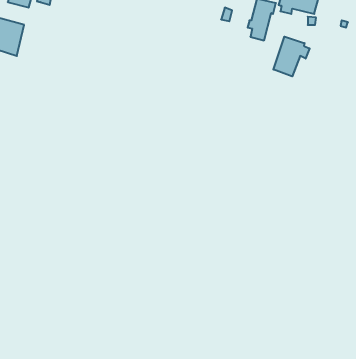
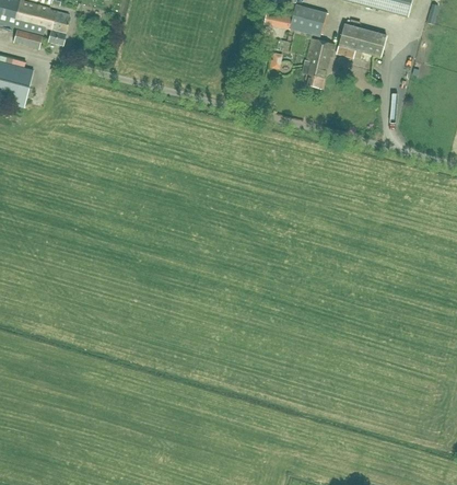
building: [273,37,310,76] -> none

